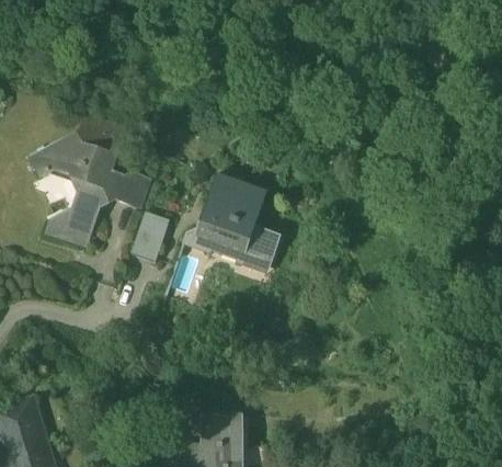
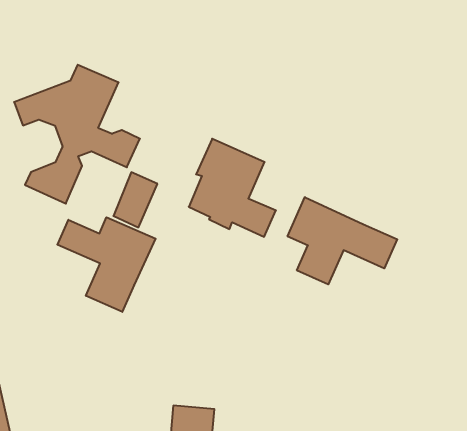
building: none -> [288,197,397,284]
building: none -> [57,217,156,312]

